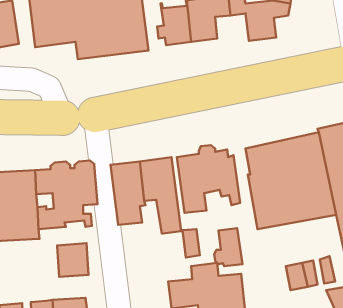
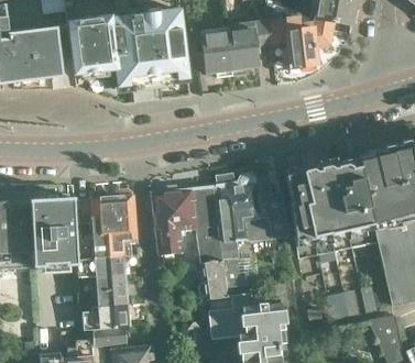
building: none -> [77,250,125,277]
building: [214,228,243,266] -> [198,261,227,299]
building: none -> [83,305,129,331]

